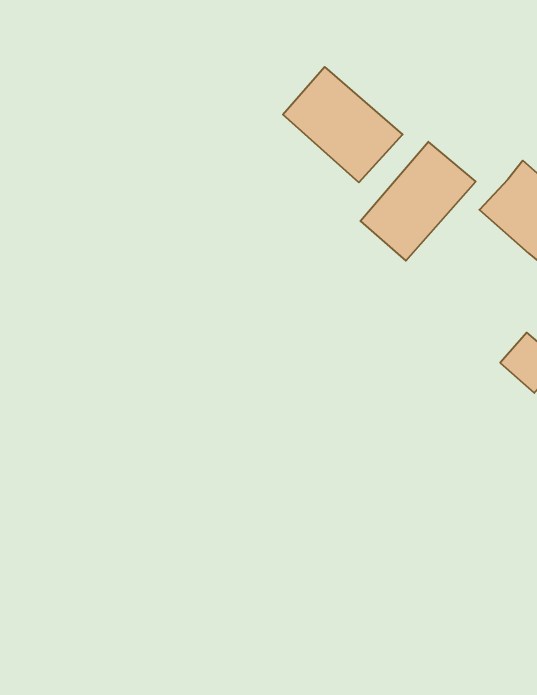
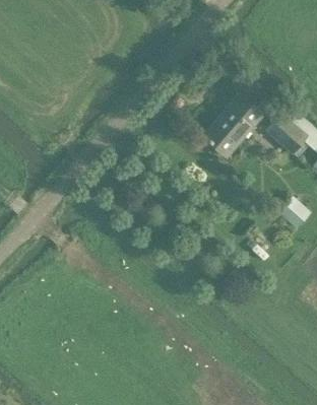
building: [283,67,403,182] -> none

